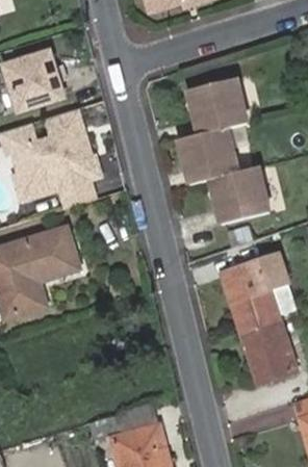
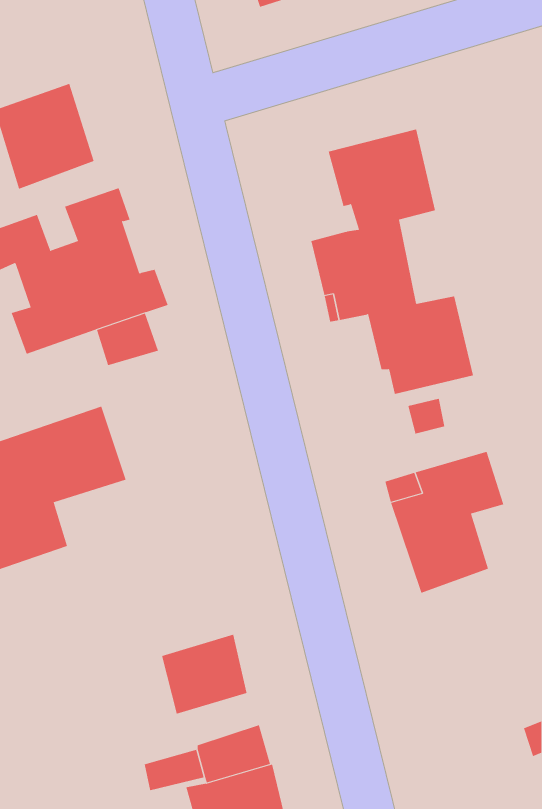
building: [239,317,293,385] -> none
building: none -> [162,634,247,714]

